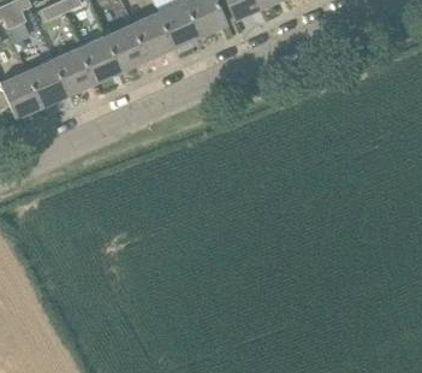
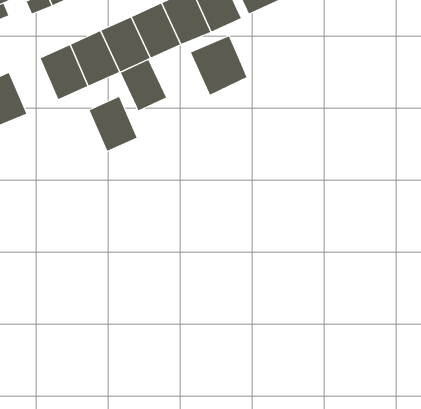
building: none -> [190,36,247,95]
building: [26,59,69,107] -> [89,96,137,152]
building: none -> [120,59,167,111]

